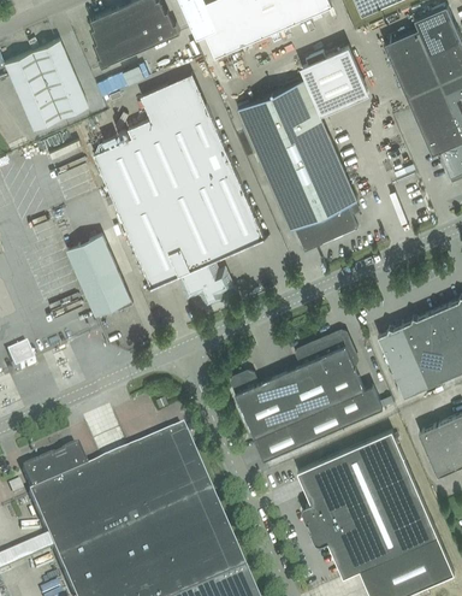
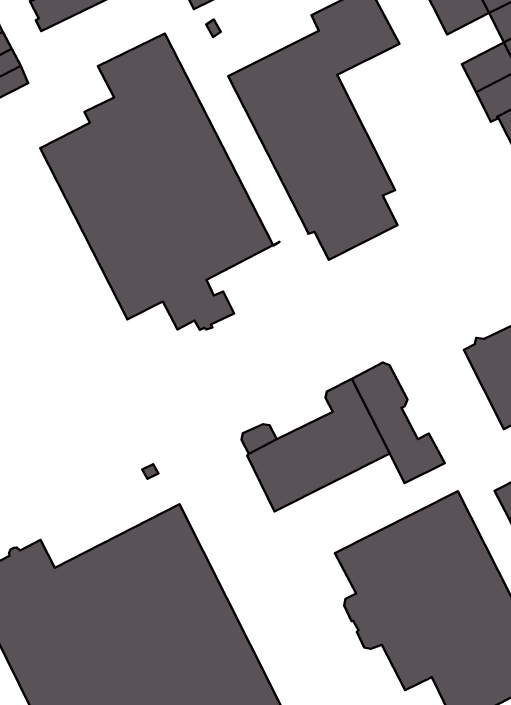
building: [404,73,446,111] -> none
building: [67,235,134,317] -> none
building: [379,325,430,397] -> none
building: [254,400,353,461] -> none

